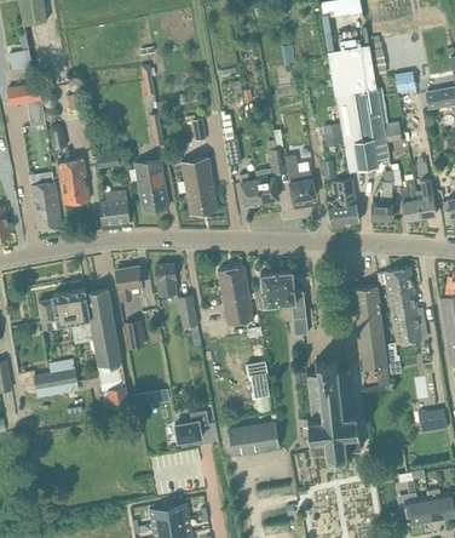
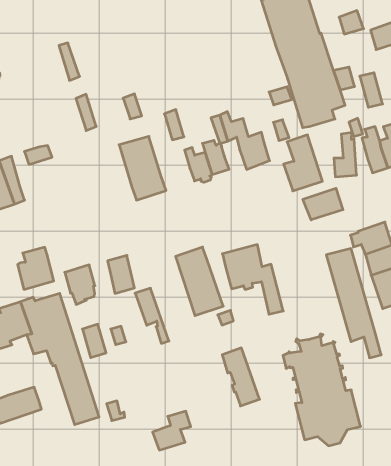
building: [136,160,168,212] -> none
building: [99,190,129,225] -> [18,247,54,289]
building: none -> [303,188,343,220]
building: [229,422,280,456] -> none

